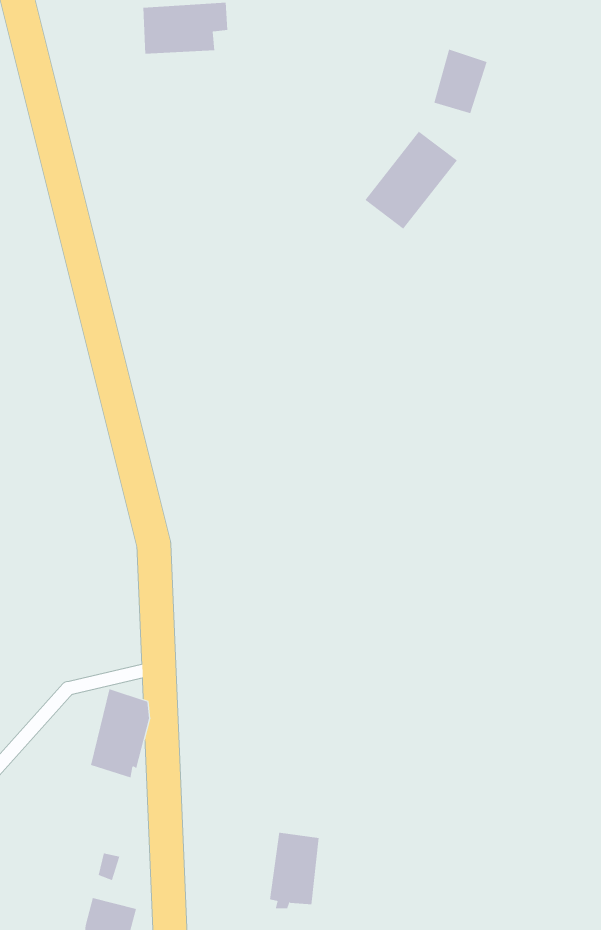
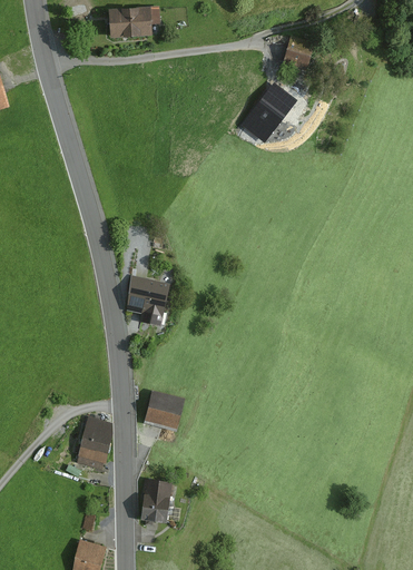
building: none -> [125,274,170,324]
building: none -> [146,391,184,429]
building: [269,832,320,909] -> [141,479,171,524]

